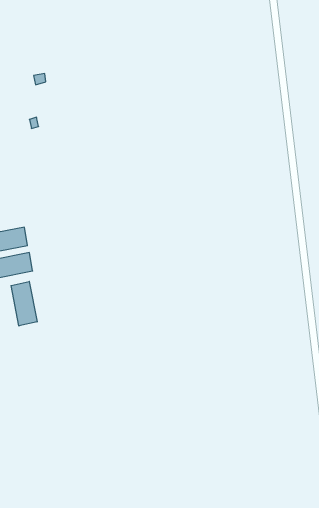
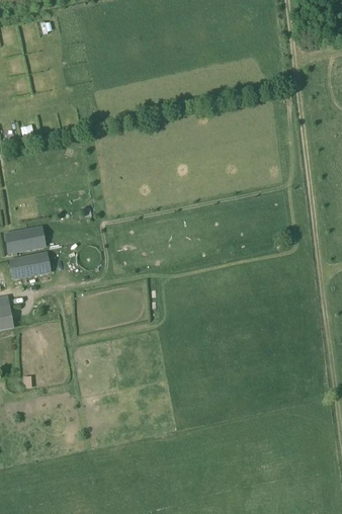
building: [11,281,37,326] -> none

